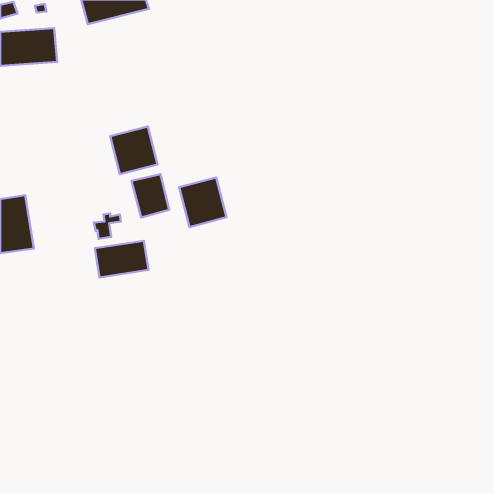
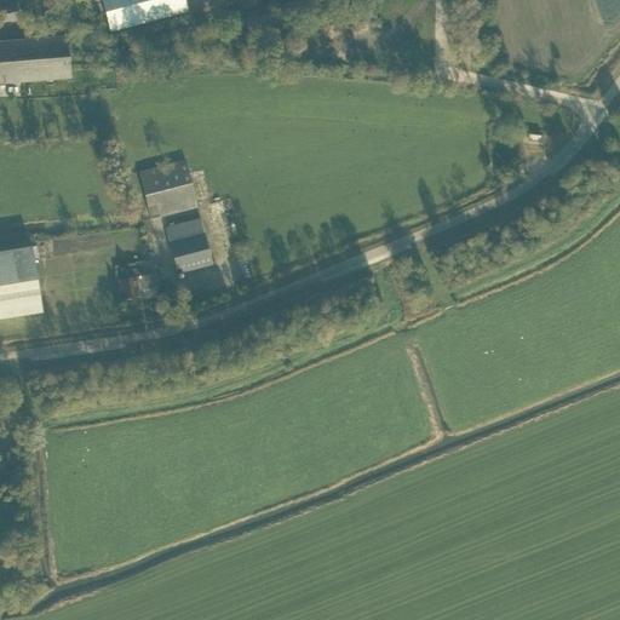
building: [179,177,227,227] -> none
building: [95,241,148,277] -> none

